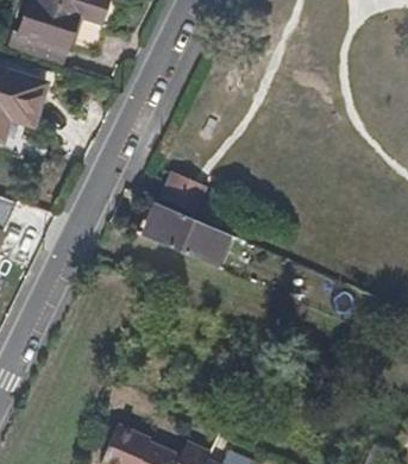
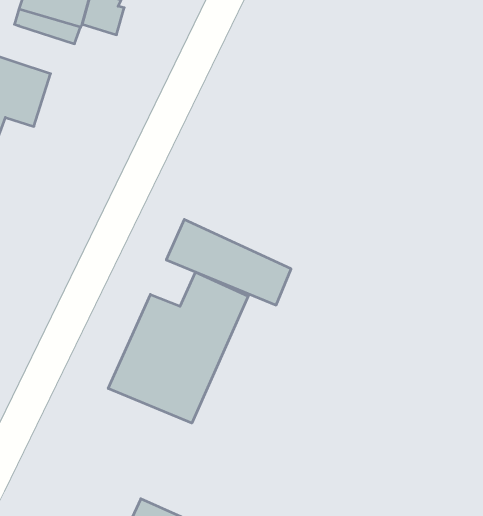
building: [155,170,205,215] -> none
building: none -> [108,272,248,423]

